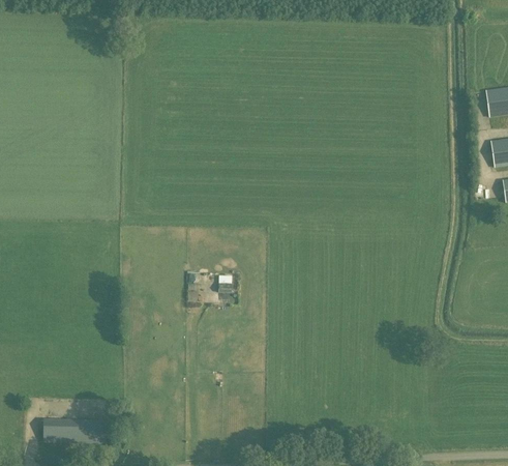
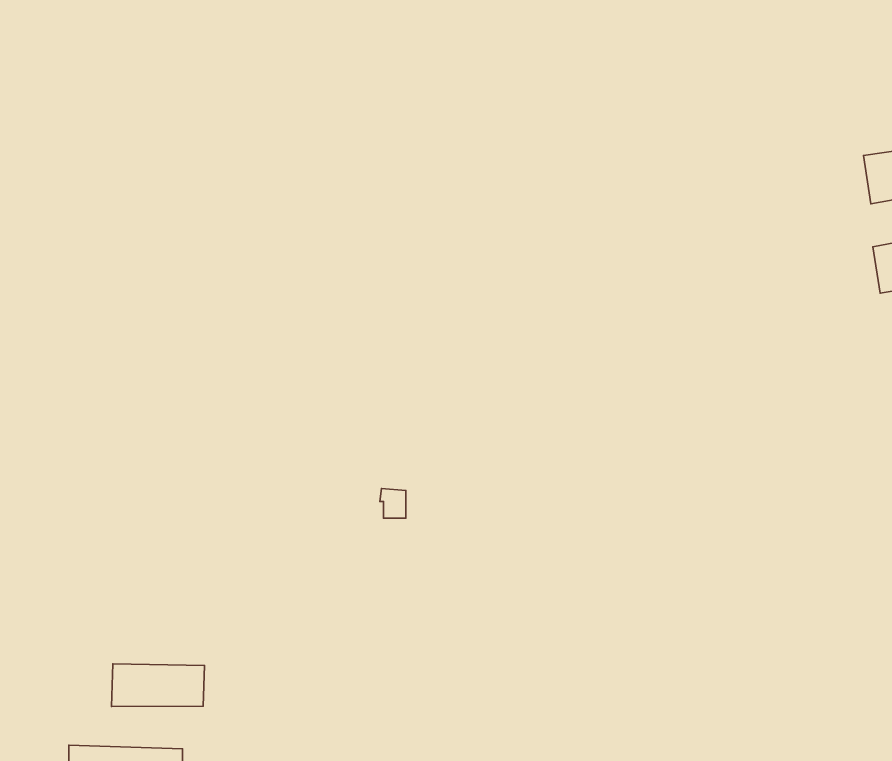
building: none -> [111,664,204,706]

